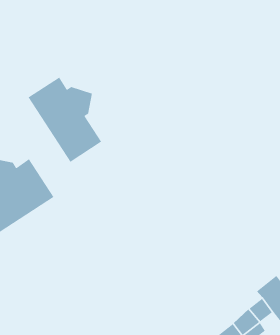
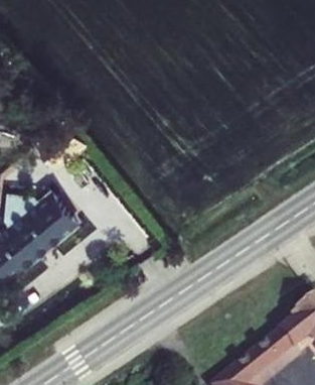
building: [28,77,102,163] -> none

